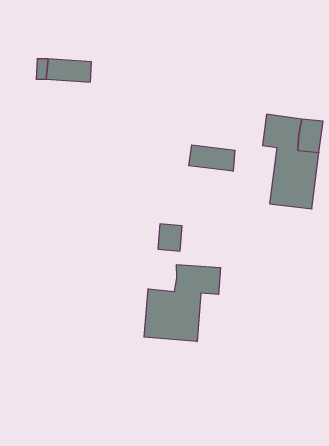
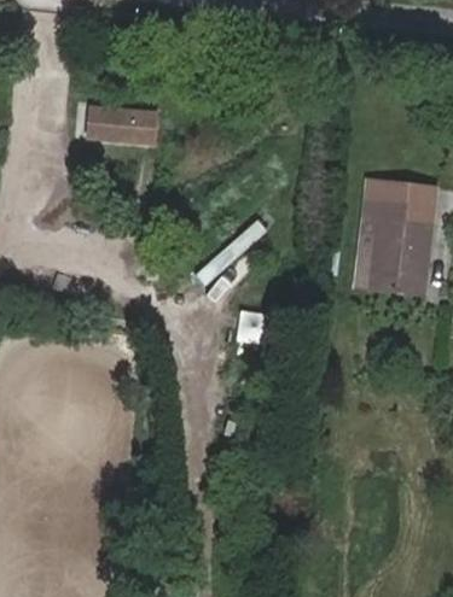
building: [189,145,235,171] -> none
building: [144,265,221,342] -> none

